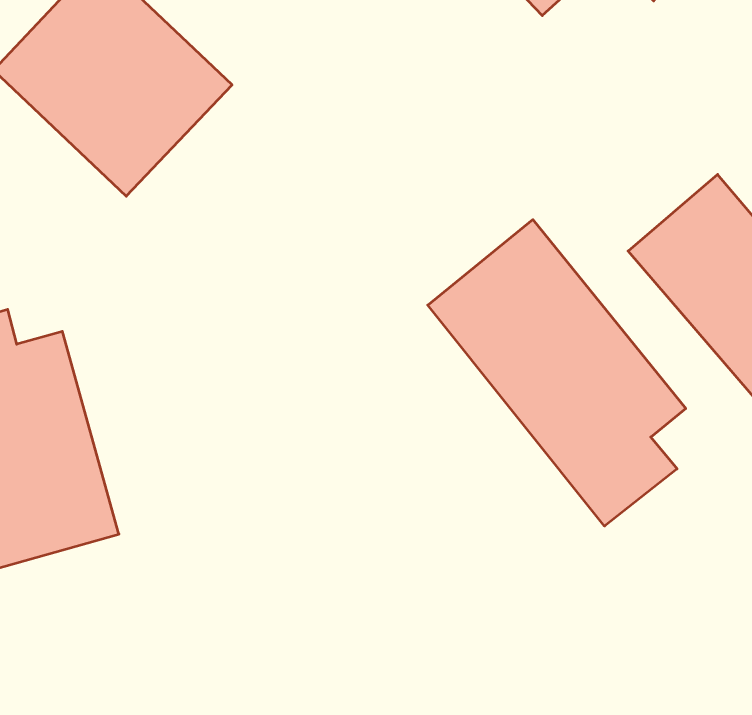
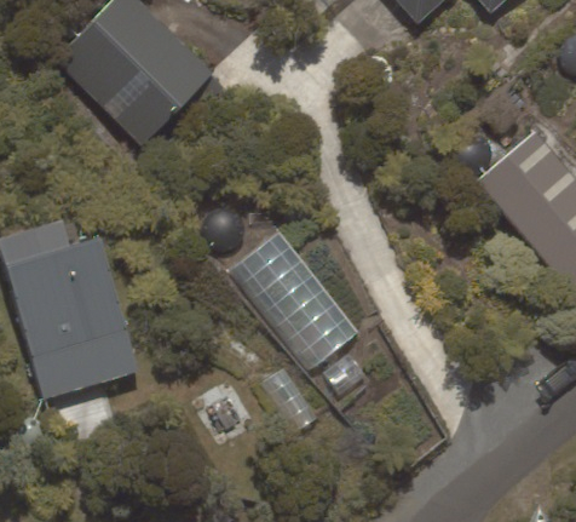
building: [428,220,686,526] -> none
building: none -> [225,229,358,371]

